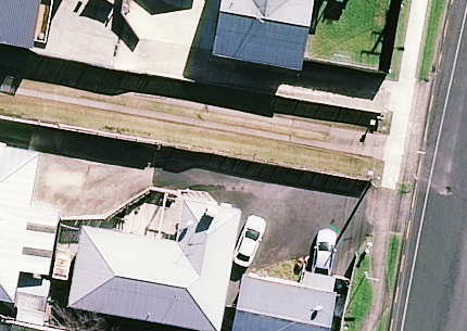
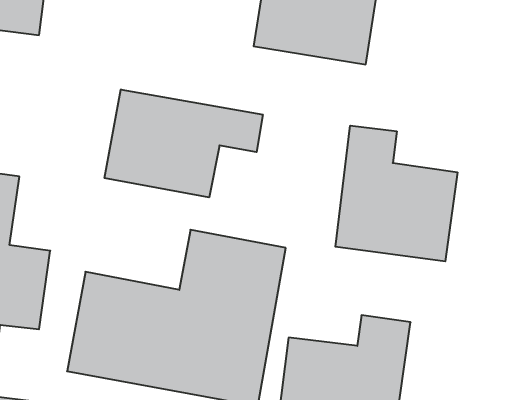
building: none -> [105,89,263,197]
building: none -> [335,126,457,261]

